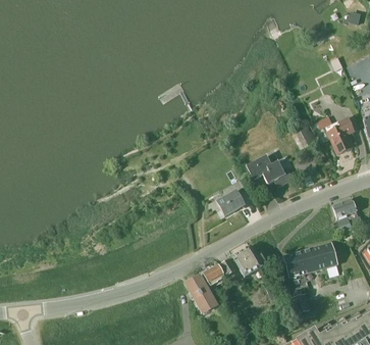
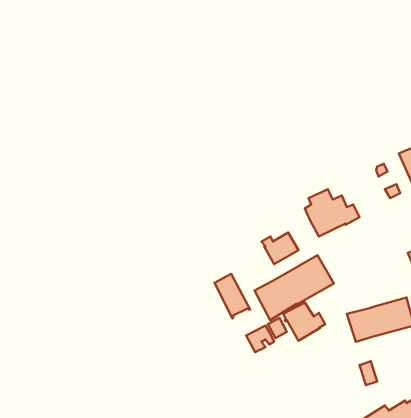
building: none -> [255,255,334,320]
building: [187,275,215,310] -> [215,274,250,319]

